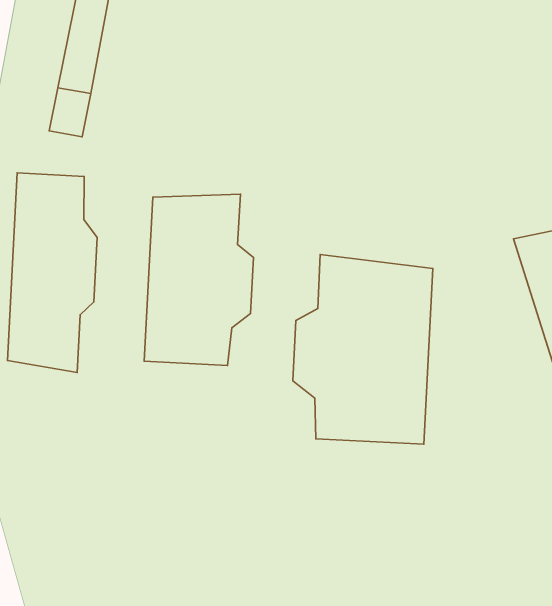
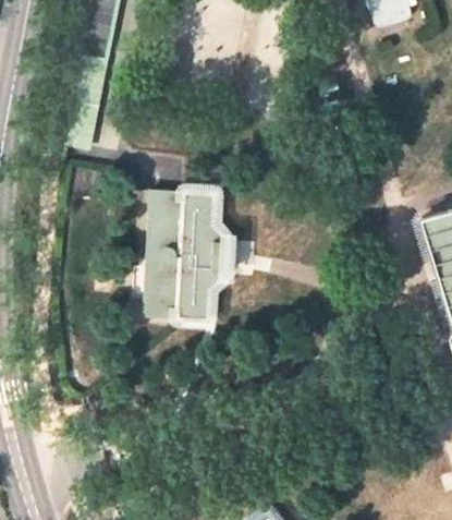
building: [8,173,97,373] -> none
building: [293,255,433,444] -> none

